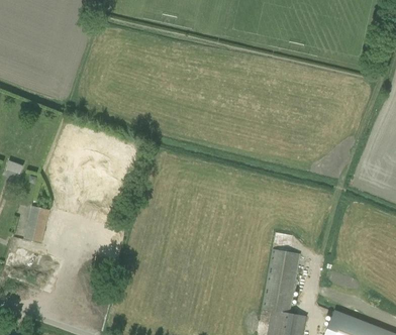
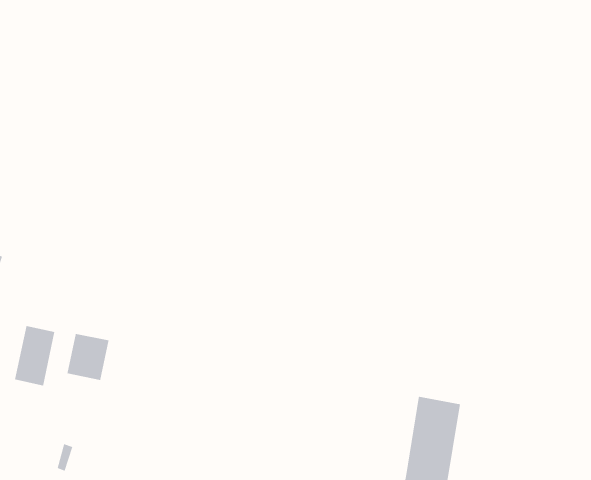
building: none -> [67,333,109,381]

